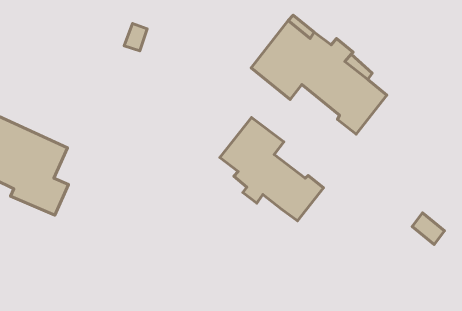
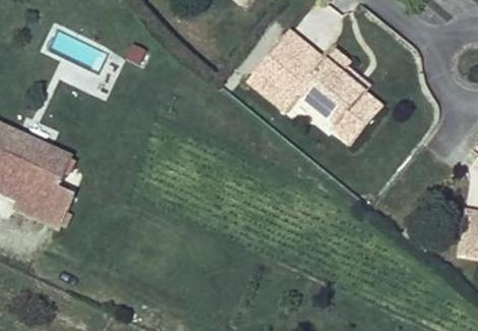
building: [220,117,323,221] -> none

